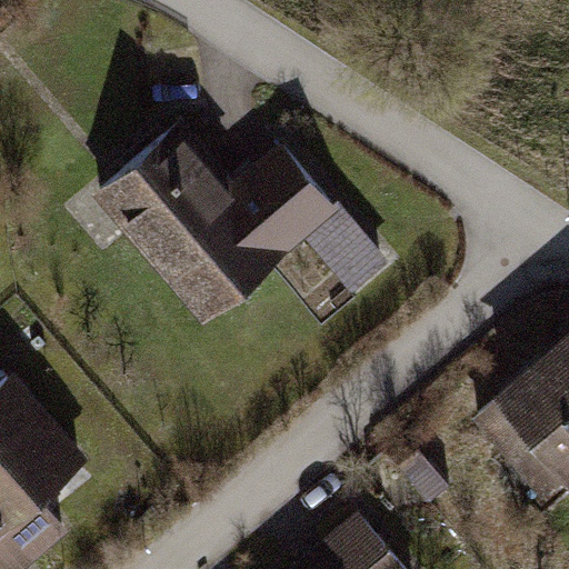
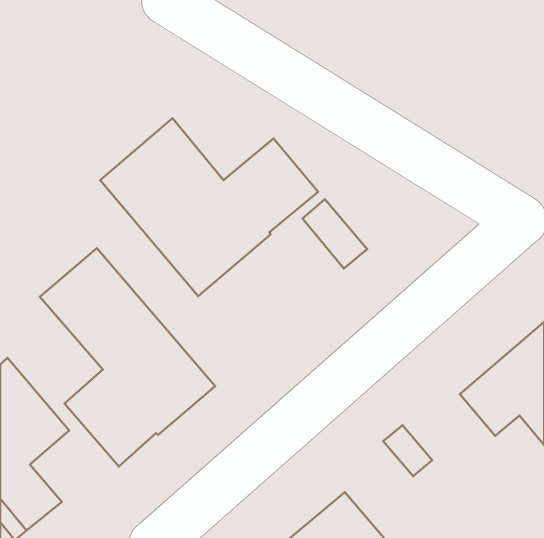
building: none -> [40,248,215,466]

